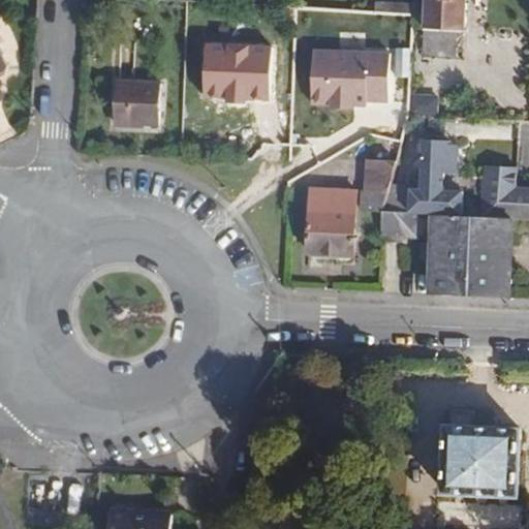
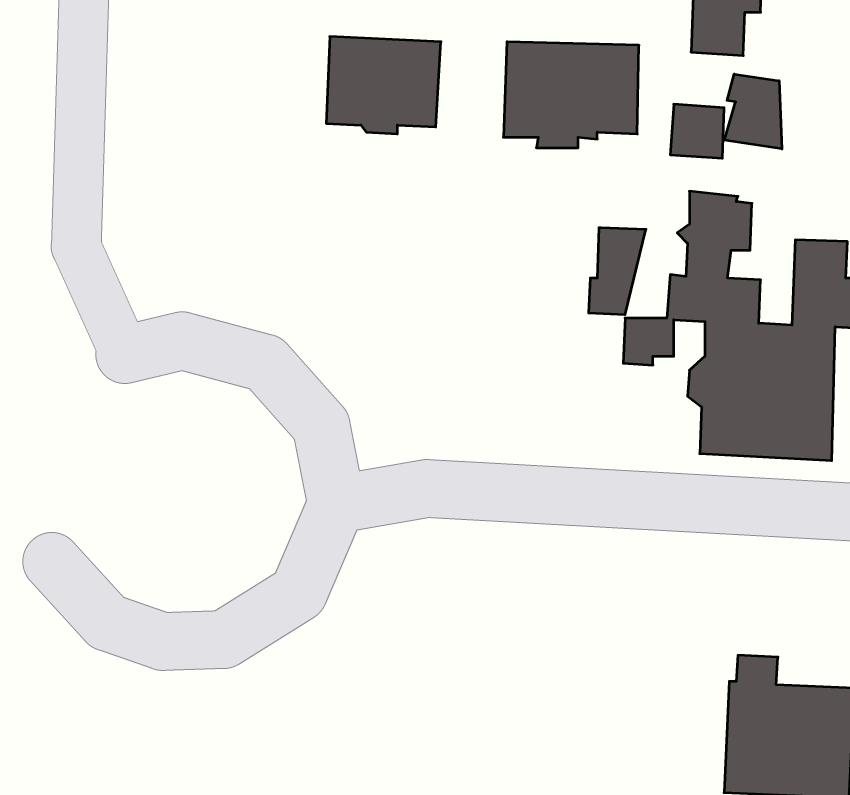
building: none -> [724,74,782,149]
building: [112,81,158,125] -> none
building: [306,186,354,252] -> none

